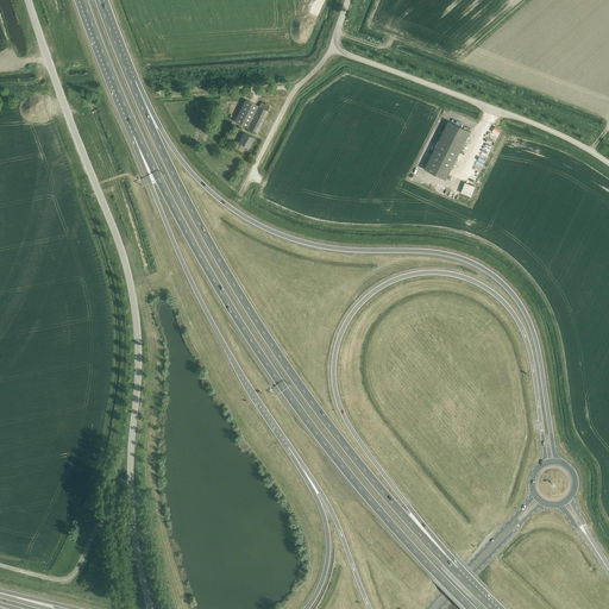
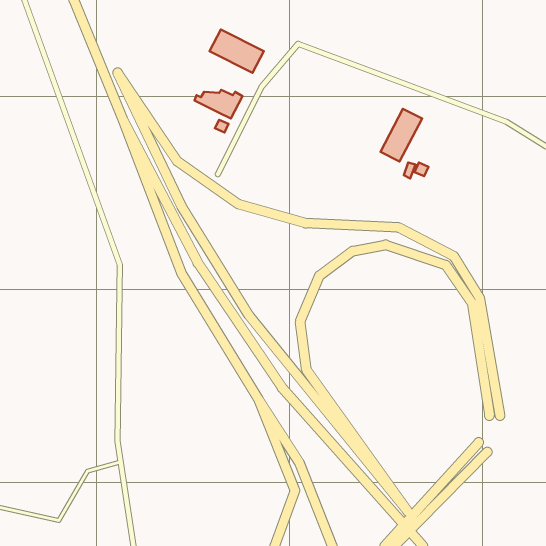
building: none -> [209,30,264,73]

